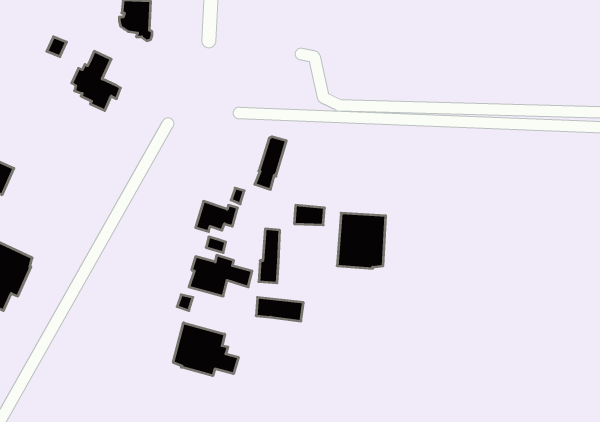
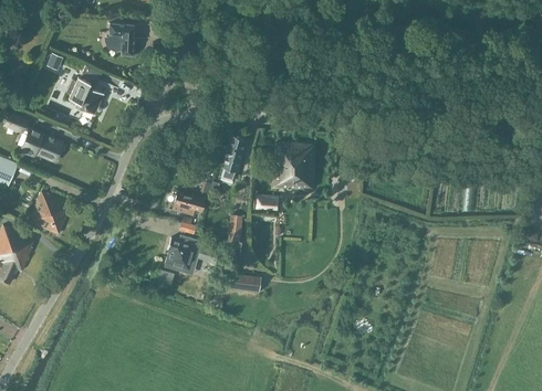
building: none -> [22,127,61,160]
building: none -> [28,191,67,234]
building: [337,213,386,268] -> [273,142,314,189]
building: [173,323,238,376] -> none

